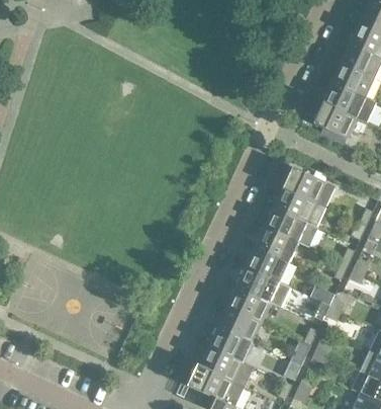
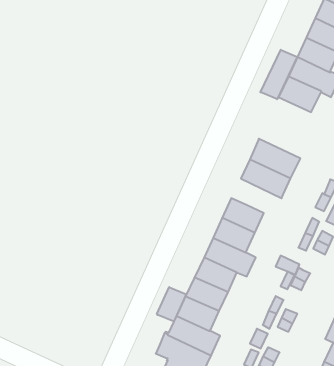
building: none -> [260,50,297,99]
building: [264,206,316,246] -> none
building: none -> [157,287,186,322]

